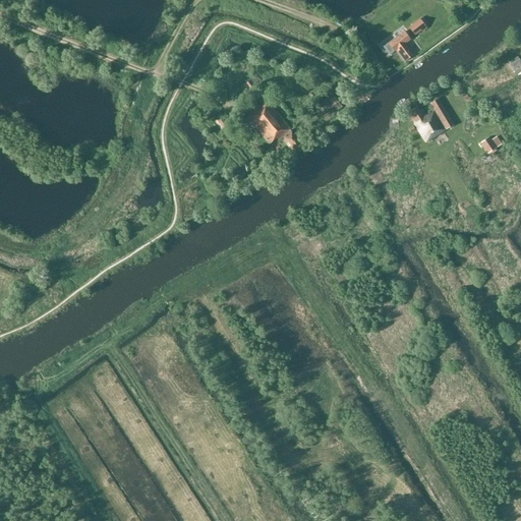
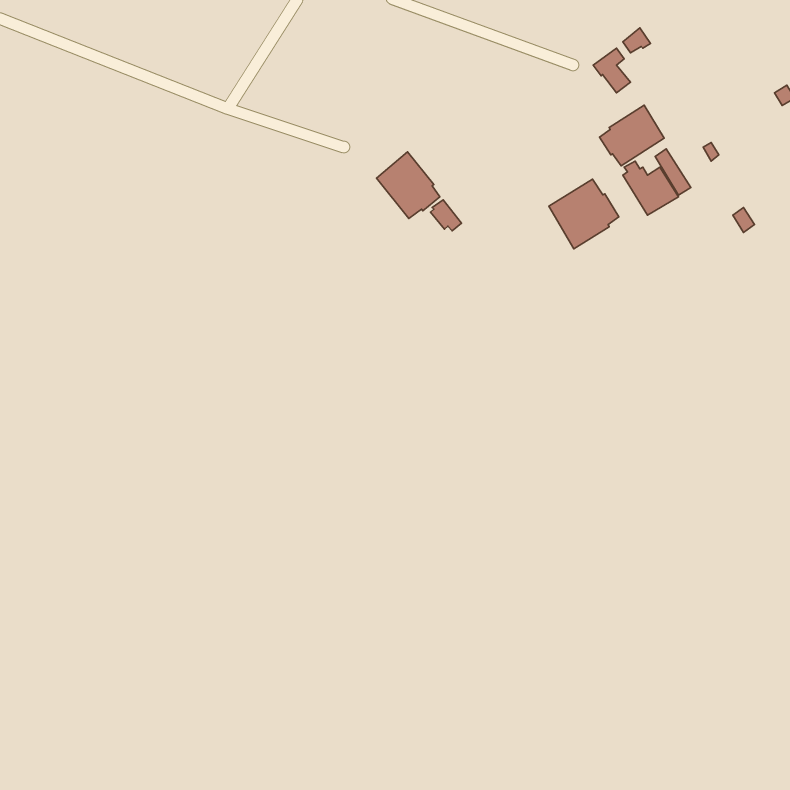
building: none -> [600,105,664,166]
building: none -> [549,179,619,249]

